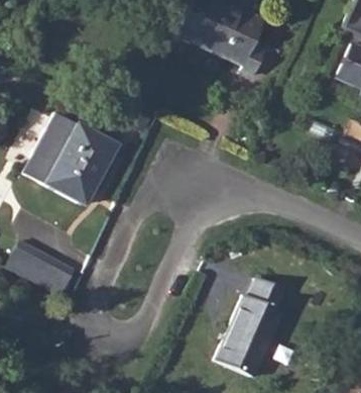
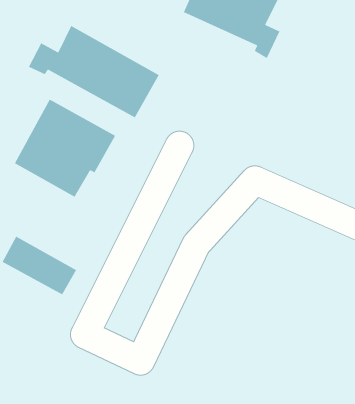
building: none -> [28,25,160,119]
building: [217,278,284,376] -> none

